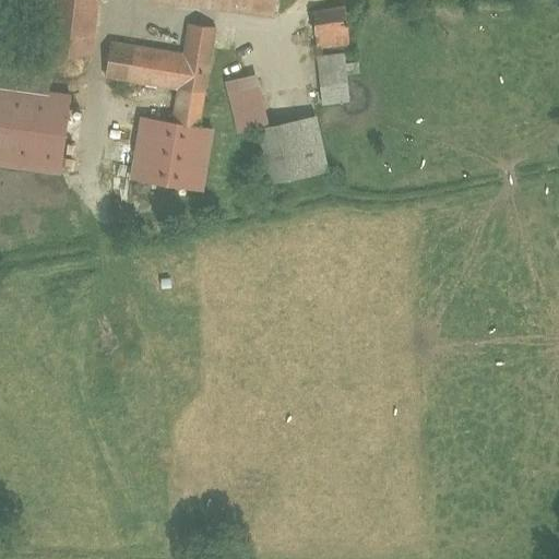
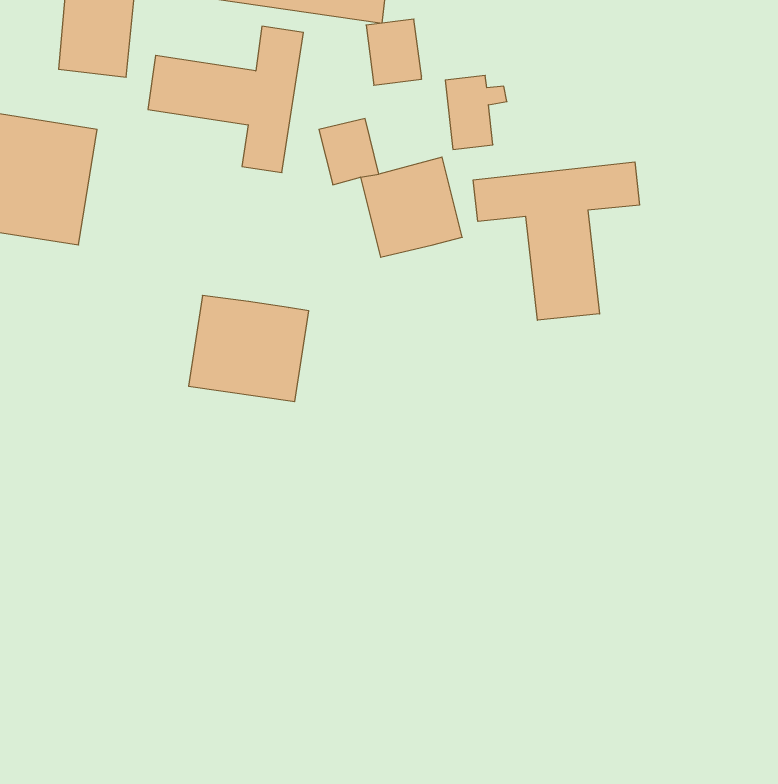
building: [310,4,349,51] -> [366,19,422,85]
building: [129,114,214,189] -> [189,295,309,402]
building: none -> [473,162,639,320]

